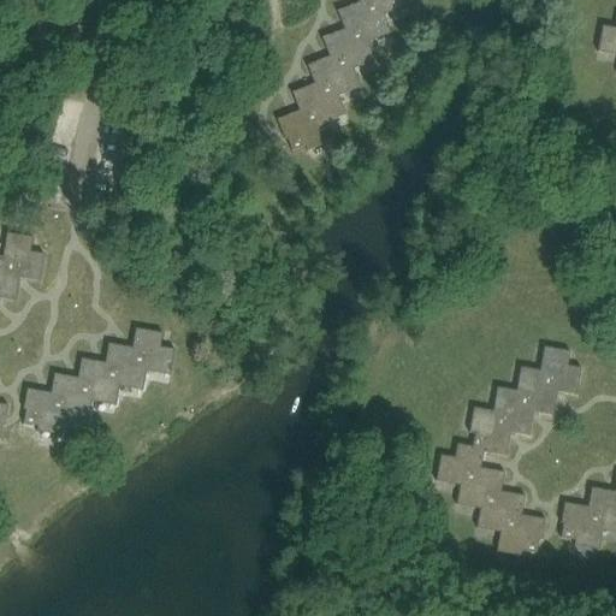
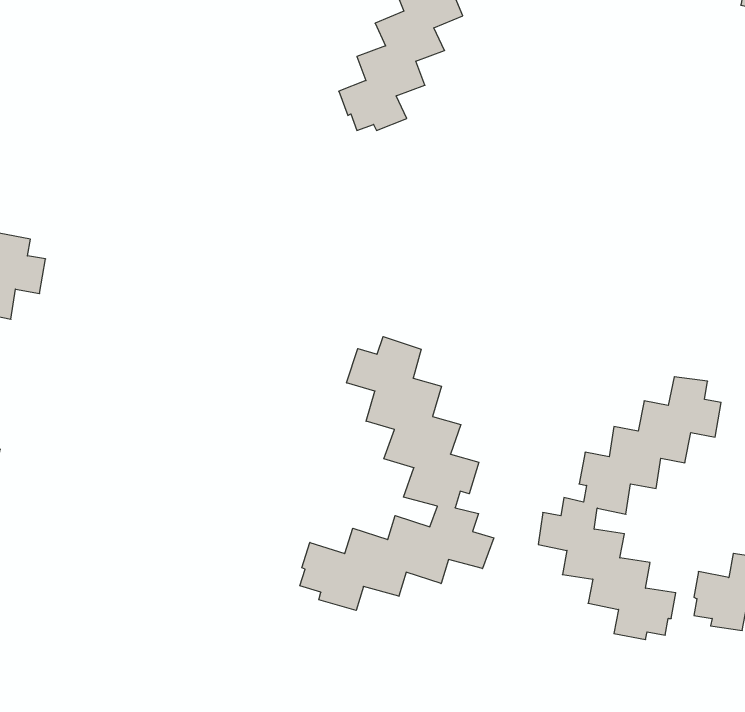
building: none -> [300,337,494,610]
building: [24,326,174,434] -> none

